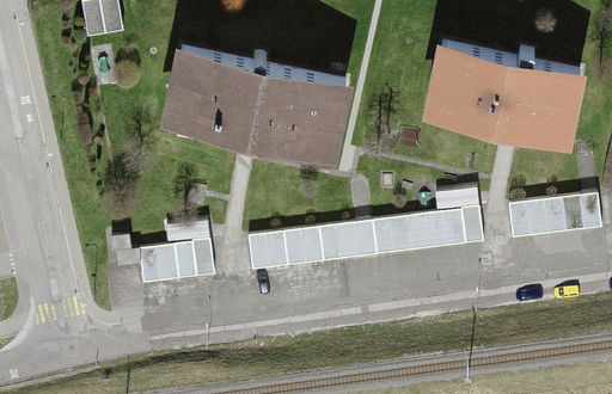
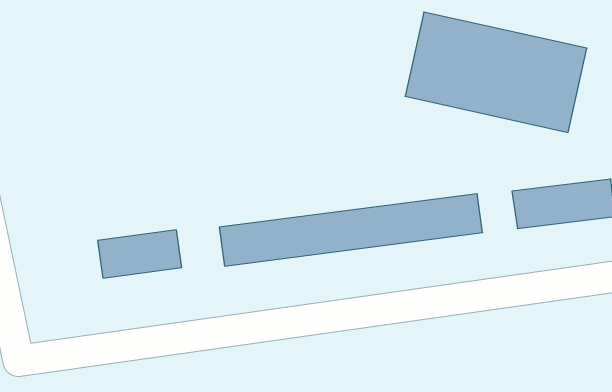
building: [166,51,348,156] -> none

